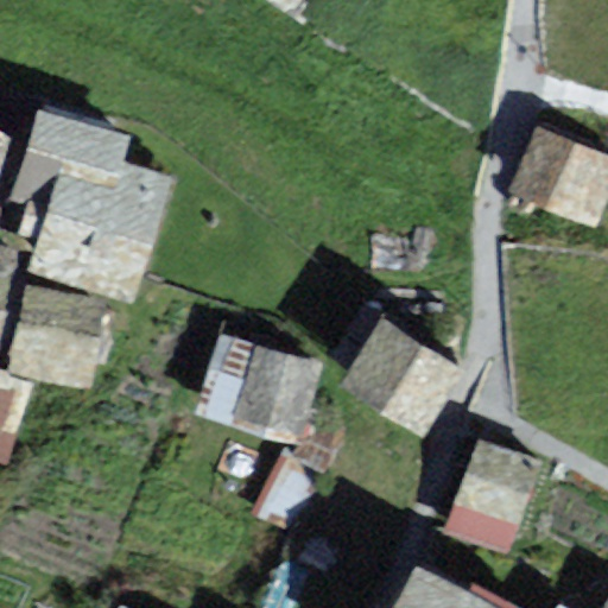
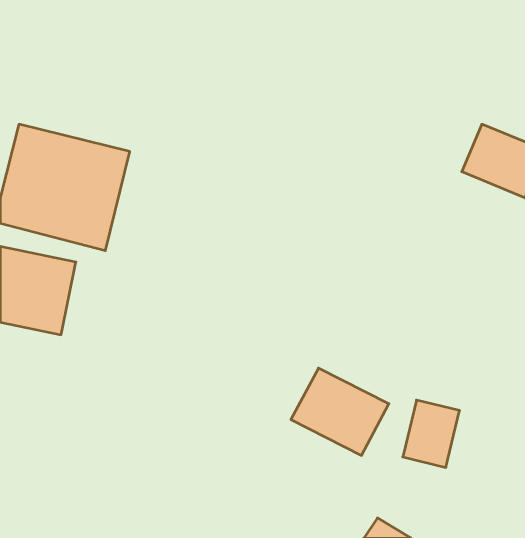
building: [338,323,449,422] -> [291,368,389,455]
building: [213,337,317,426] -> none

